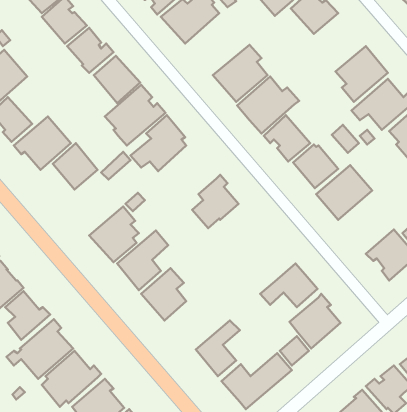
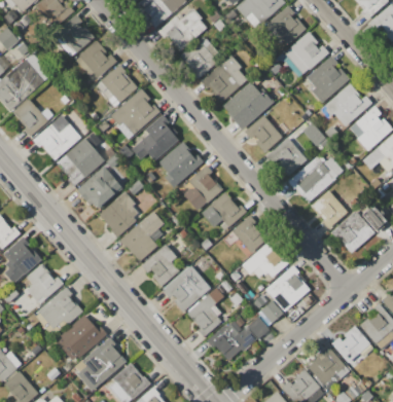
building: none -> [285,31,329,74]
building: none -> [179,39,218,78]
building: none -> [159,142,205,188]
building: none -> [77,168,123,210]
building: none -> [311,190,349,229]
building: none -> [202,192,246,228]
building: none -> [231,215,265,253]
building: none -> [163,265,211,312]

